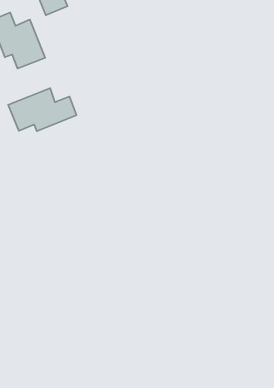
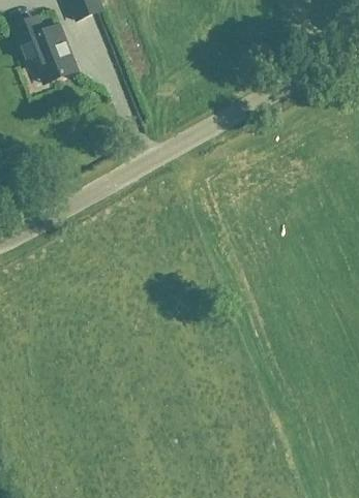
building: [8,88,77,131] -> none

